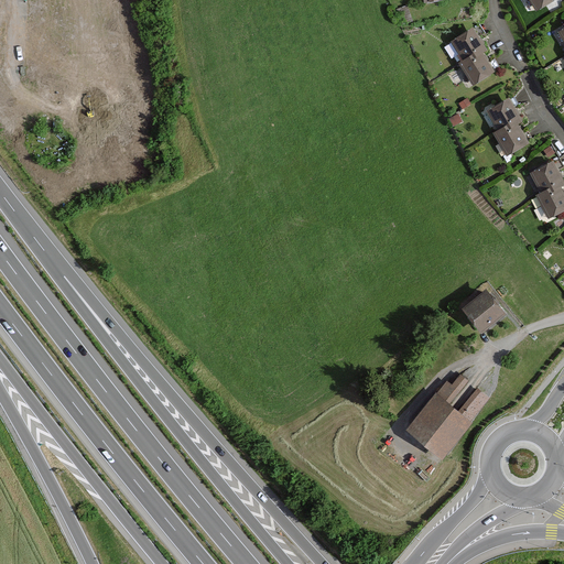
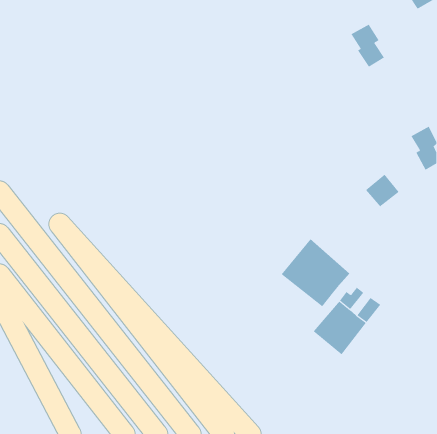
building: [485,100,528,158] -> none
building: [463,285,507,328] -> [365,174,400,207]
building: none -> [281,238,350,307]

